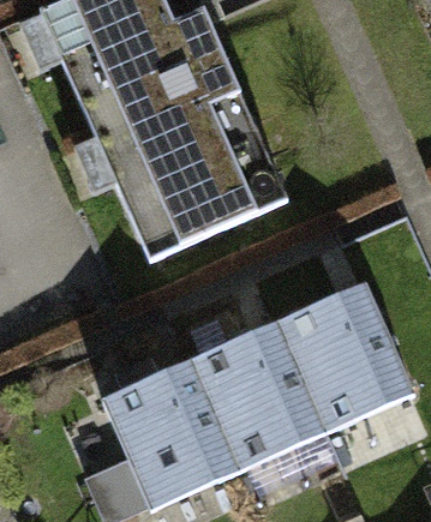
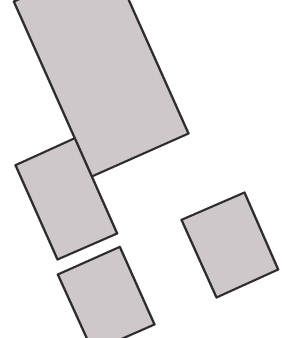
building: none -> [16,138,117,260]
building: [190,322,327,470] -> none

